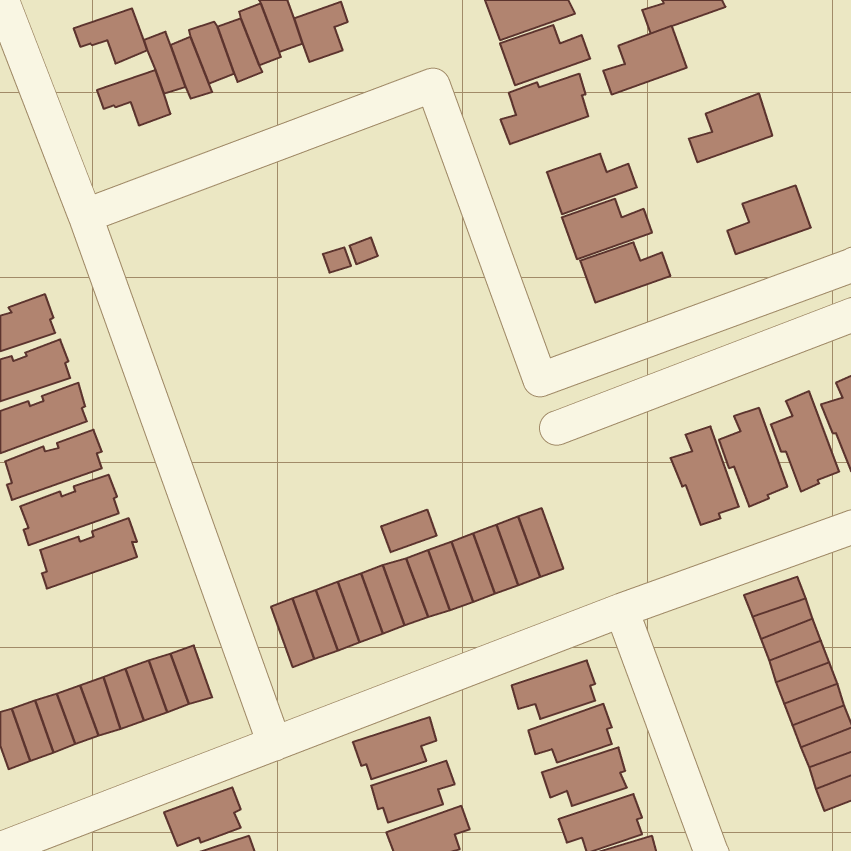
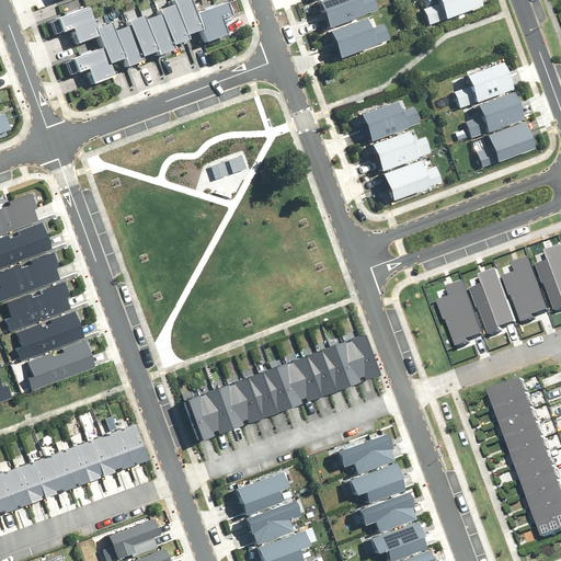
building: [603,26,687,94] -> [467,93,522,138]
building: [501,74,588,144] -> none
building: [381,510,437,552] -> none

